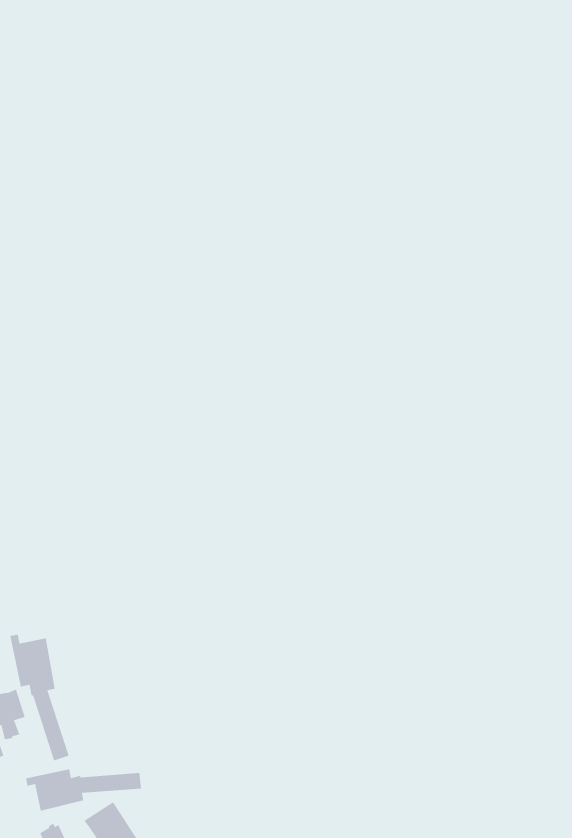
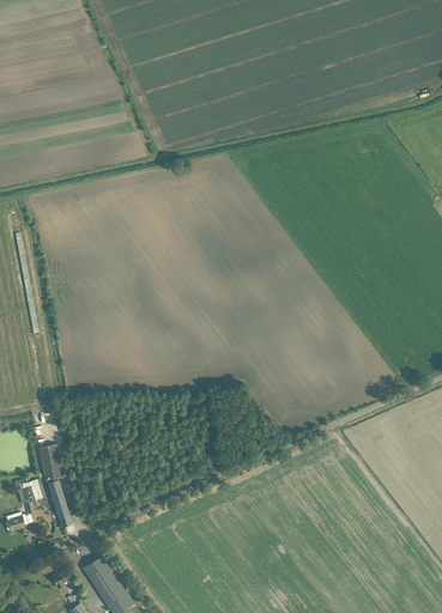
building: [25,769,142,811] -> none

